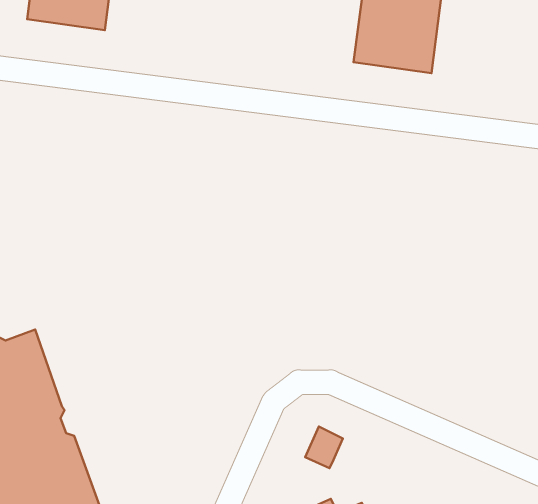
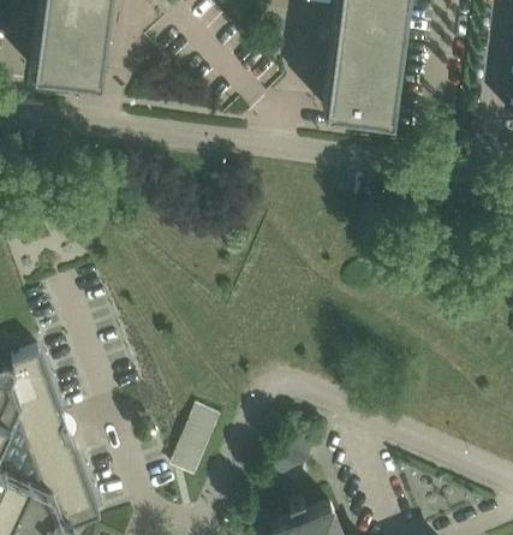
building: none -> [171,409,220,478]

